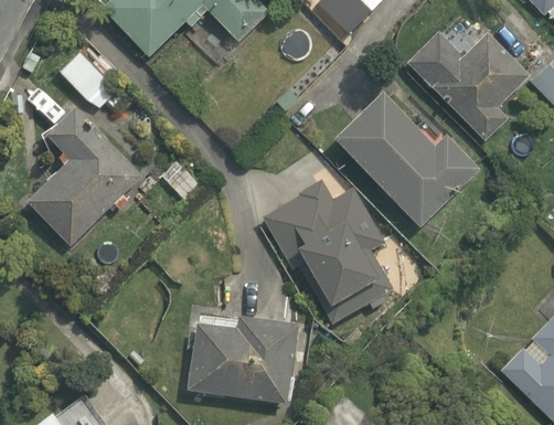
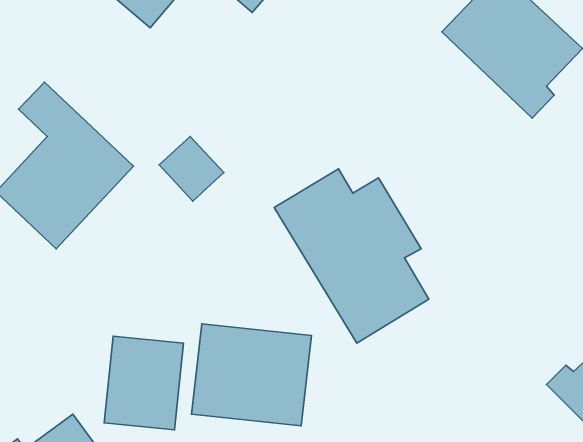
building: [62,49,122,107] -> none
building: [333,93,478,230] -> none
building: none -> [104,336,184,430]

